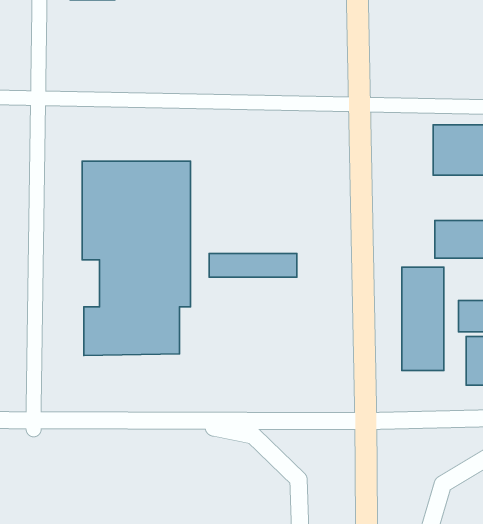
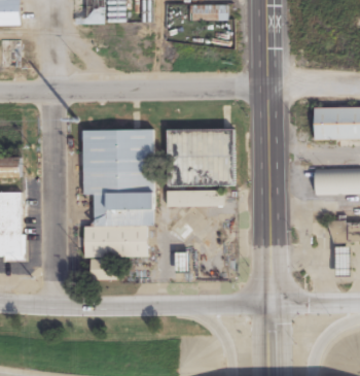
building: none -> [168,129,231,185]
building: [402,267,444,371] -> none

